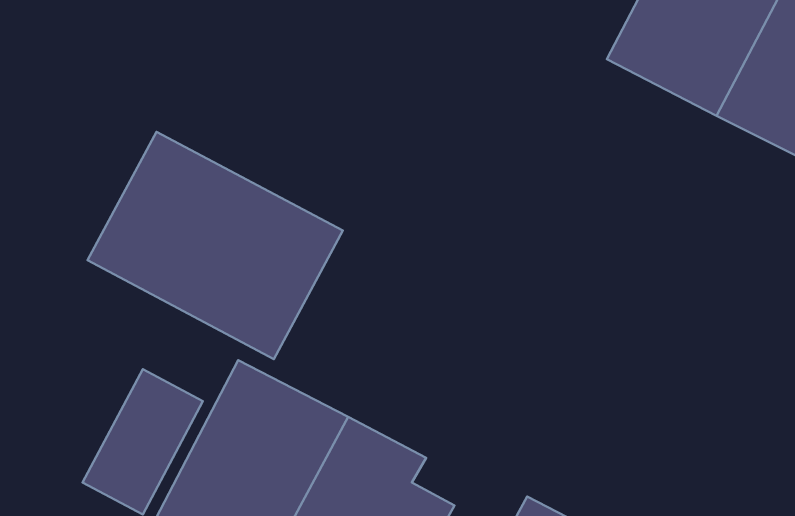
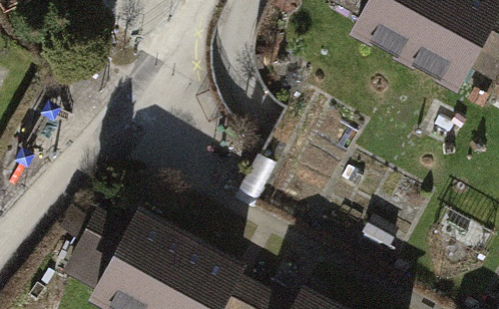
building: [88,132,343,359] -> none

